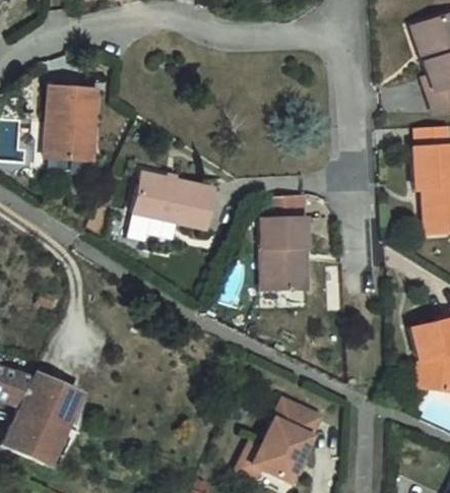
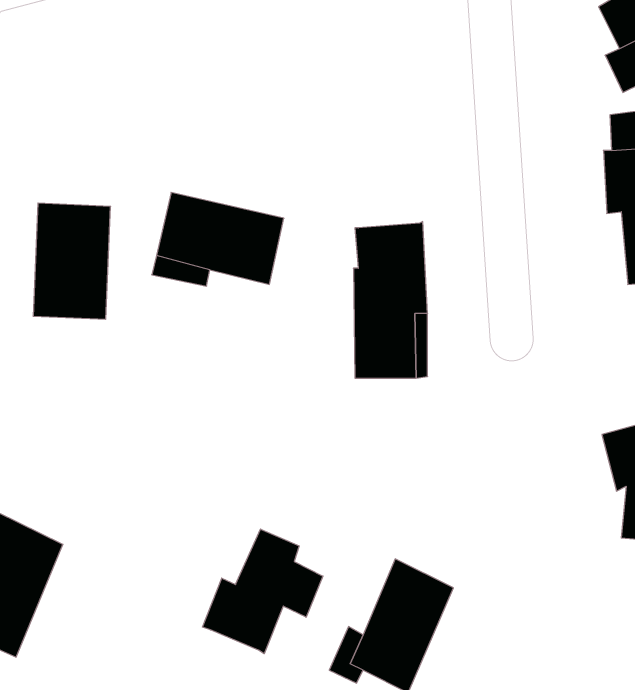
building: [41,85,89,159] -> [33,203,111,319]
building: none -> [202,529,323,654]

